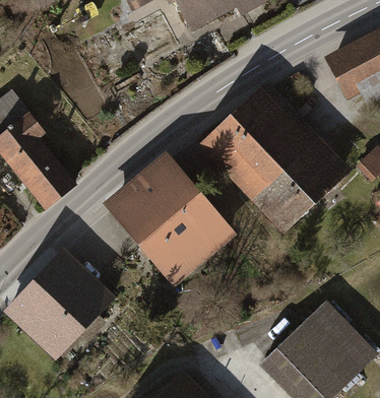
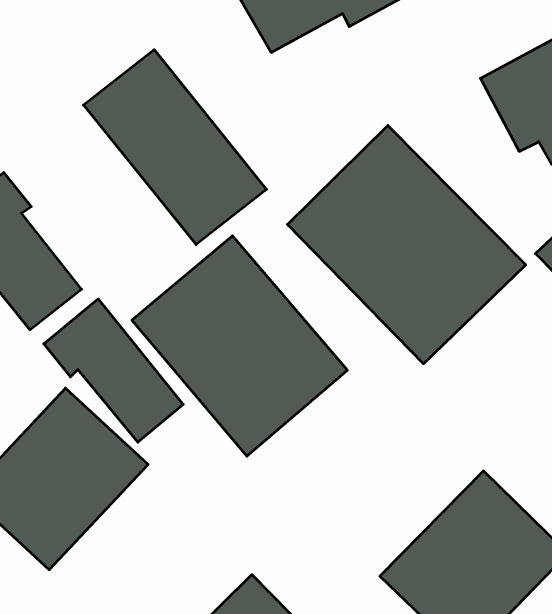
building: none -> [83,50,267,245]
building: none -> [44,299,183,442]

